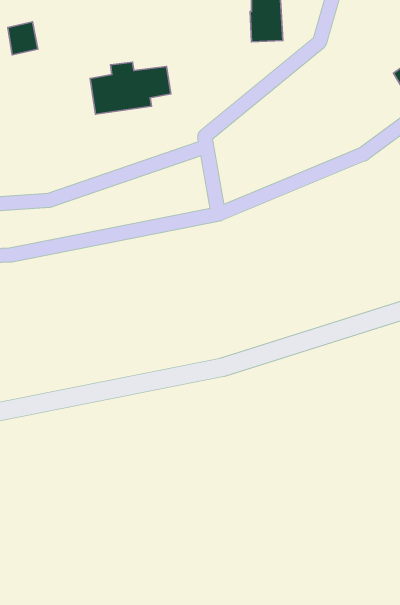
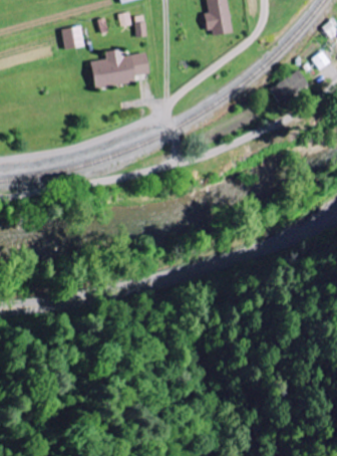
building: [8,22,38,55] -> [63,25,85,49]
building: none -> [270,69,308,103]

